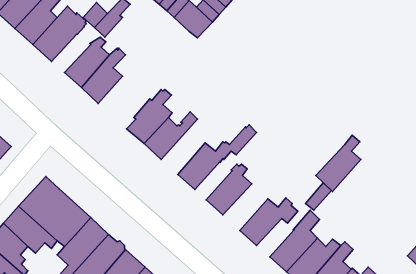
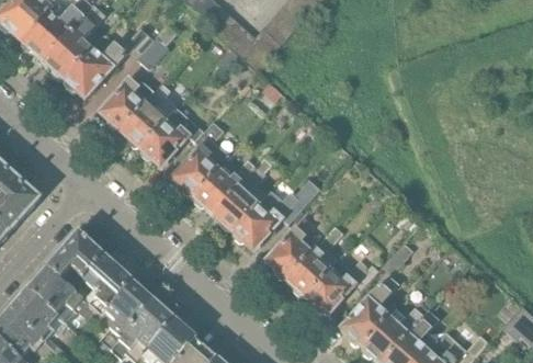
building: none -> [139,109,203,165]
building: none -> [213,152,274,230]
building: [316,135,361,191] -> [285,230,338,296]

